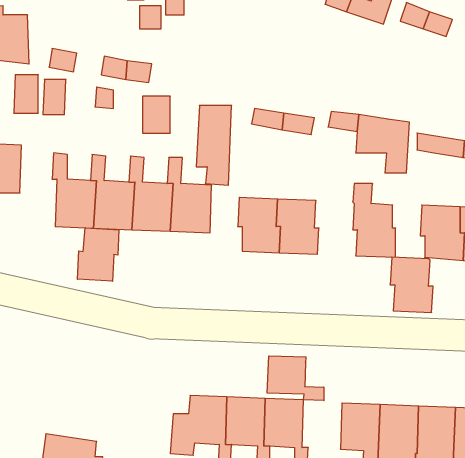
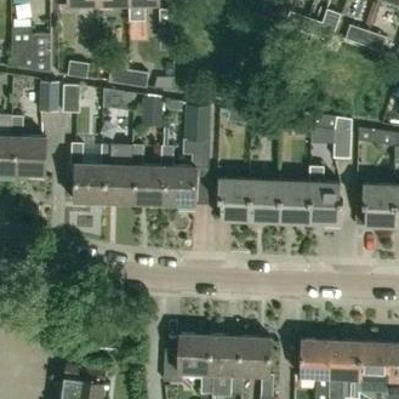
building: [77,228,119,281] -> none
building: [390,257,433,312] -> [278,181,312,224]
building: [267,356,324,401] -> none

